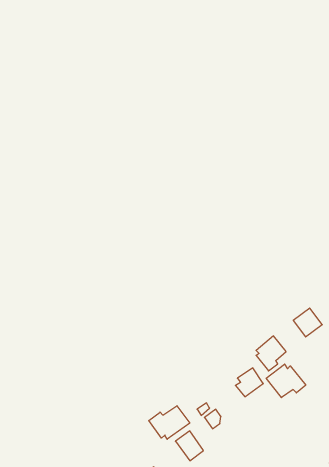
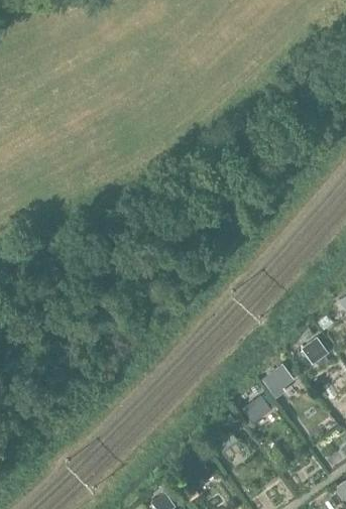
building: [266,364,306,398] -> none
building: [149,406,190,439] -> none

